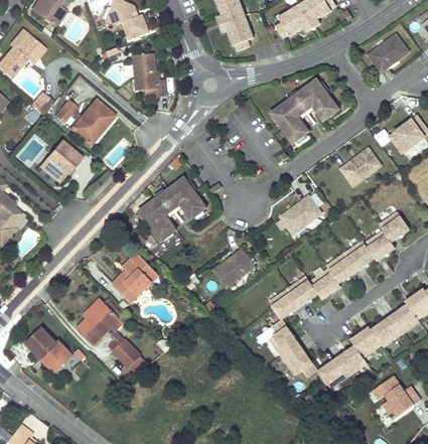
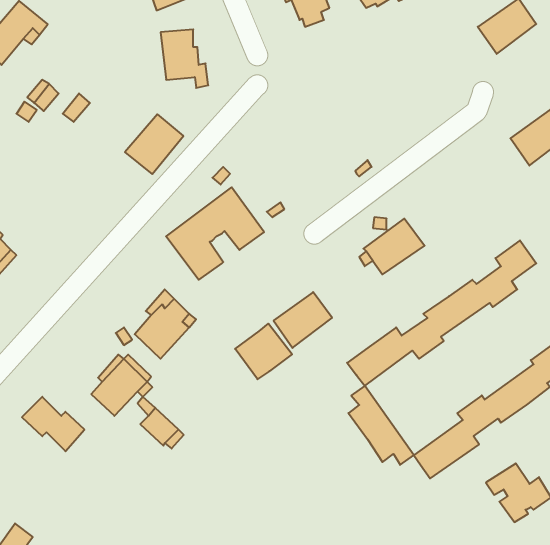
building: [267,76,338,143] -> none
building: [73,102,116,146] -> [125,114,183,174]
building: [40,143,82,183] -> none
building: [340,147,384,189] -> none
building: none -> [235,324,292,379]

